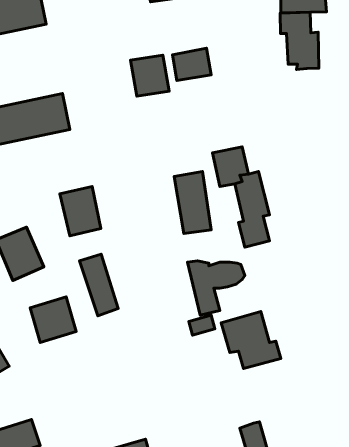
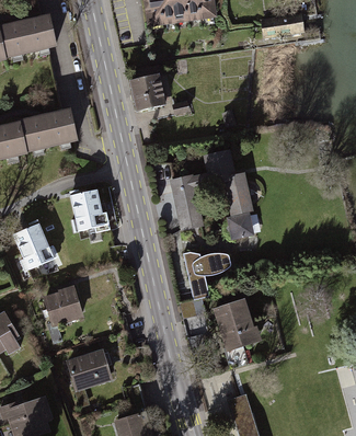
building: [280,12,319,70] -> none
building: [173,48,211,81] -> none
building: [80,254,118,316] -> none
building: none -> [66,349,113,391]

